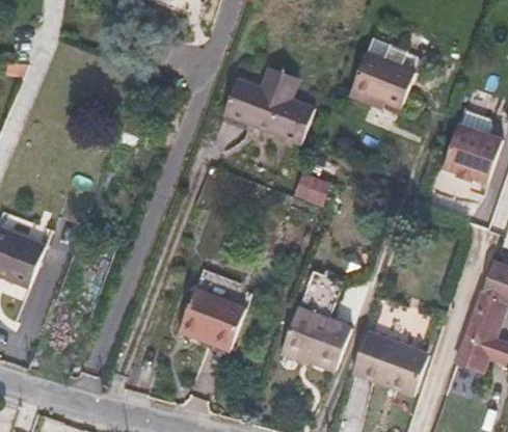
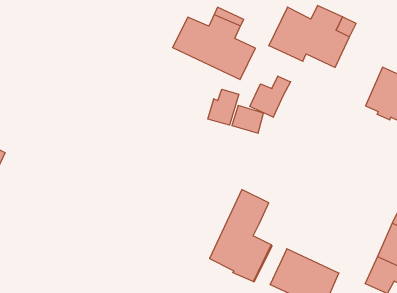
building: none -> [250,76,291,117]
building: none -> [208,89,239,125]
building: [179,272,252,347] -> none

